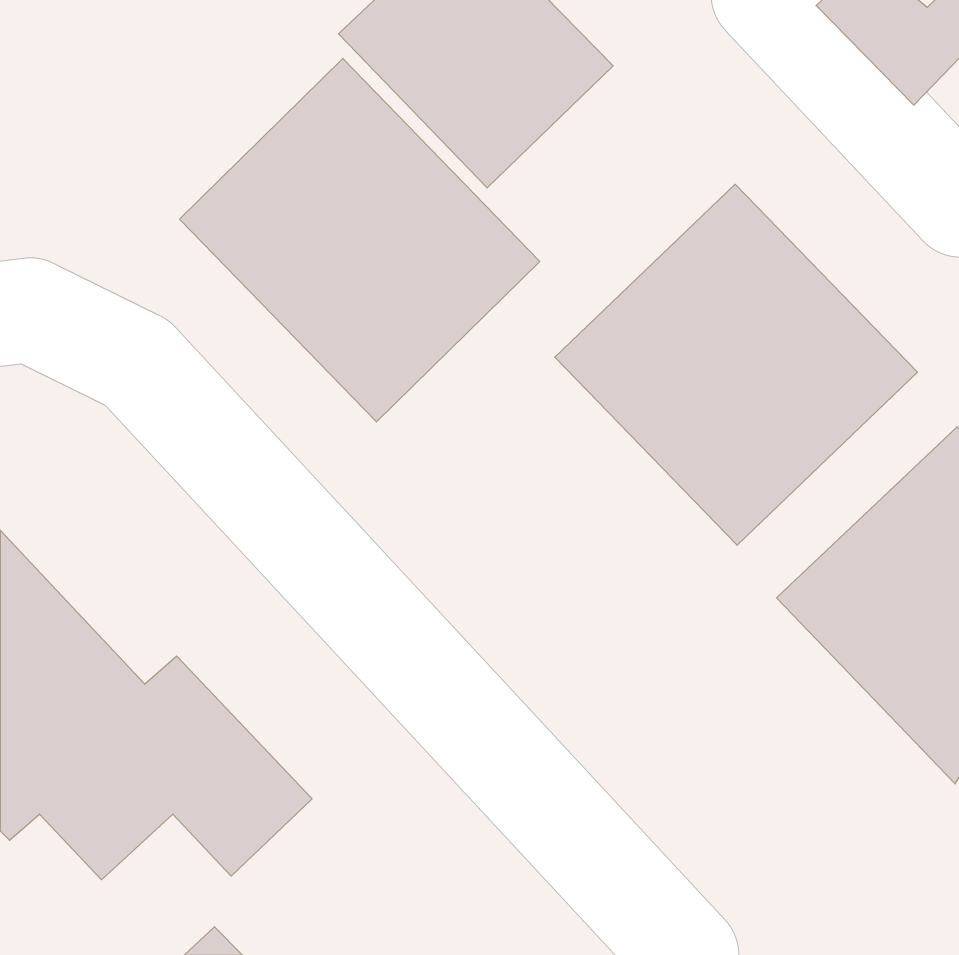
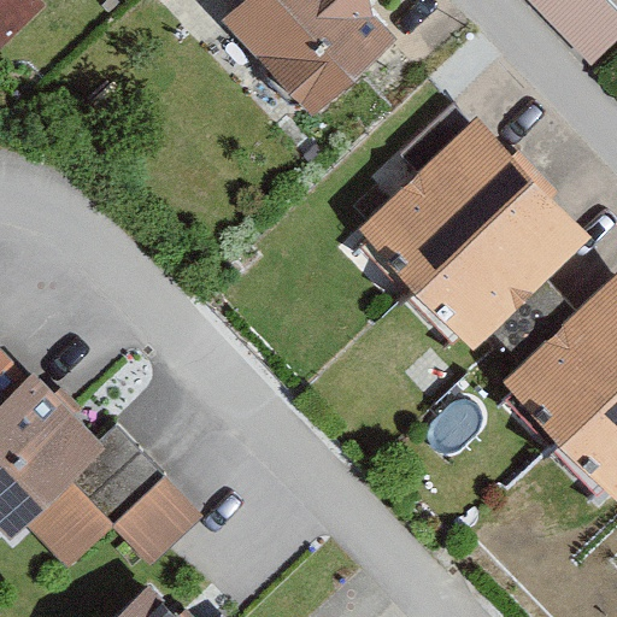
building: [180,58,540,422] -> none

